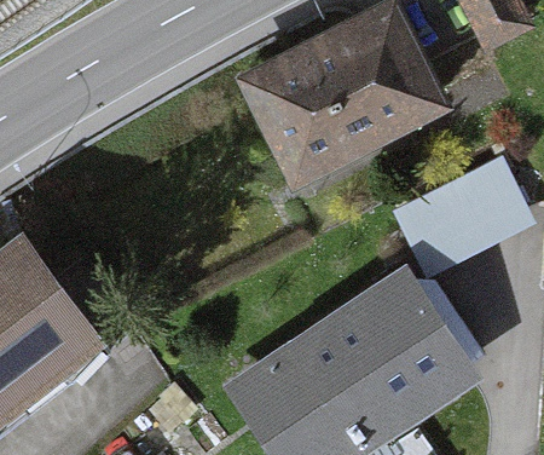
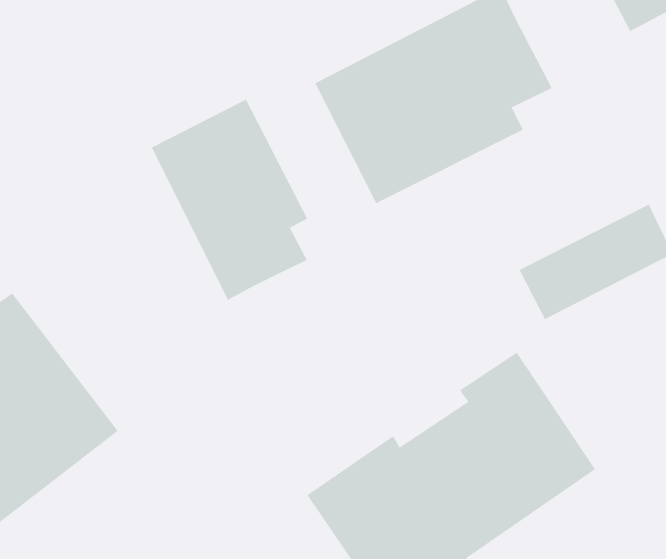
building: none -> [151,99,308,301]

